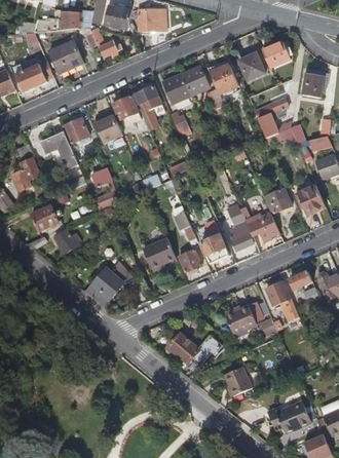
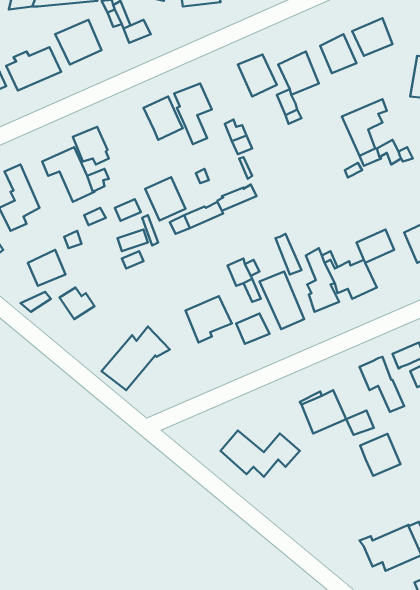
building: [162,73,190,104] -> none
building: [93,112,122,143] -> [145,177,186,221]
building: [225,365,254,394] -> [360,434,401,476]

